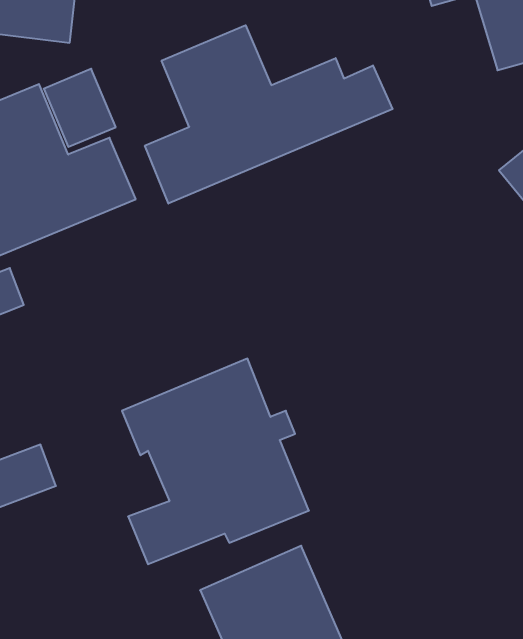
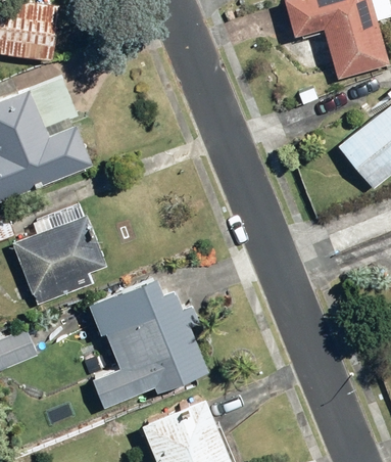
building: [145,25,393,204] -> none
building: none -> [12,214,107,308]

